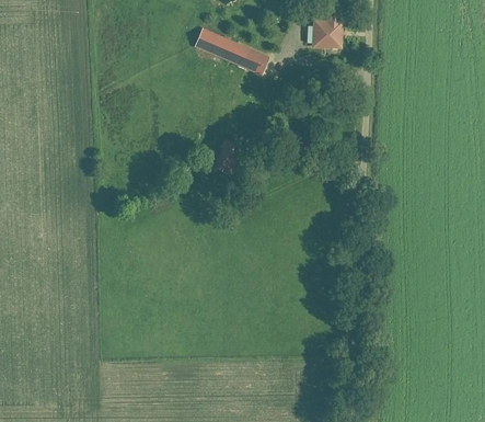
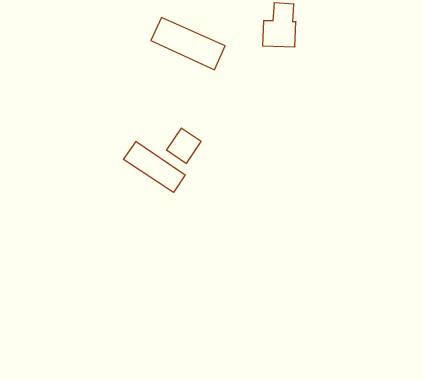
building: none -> [124,141,185,192]

